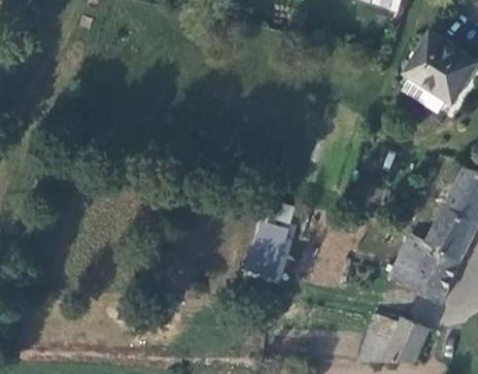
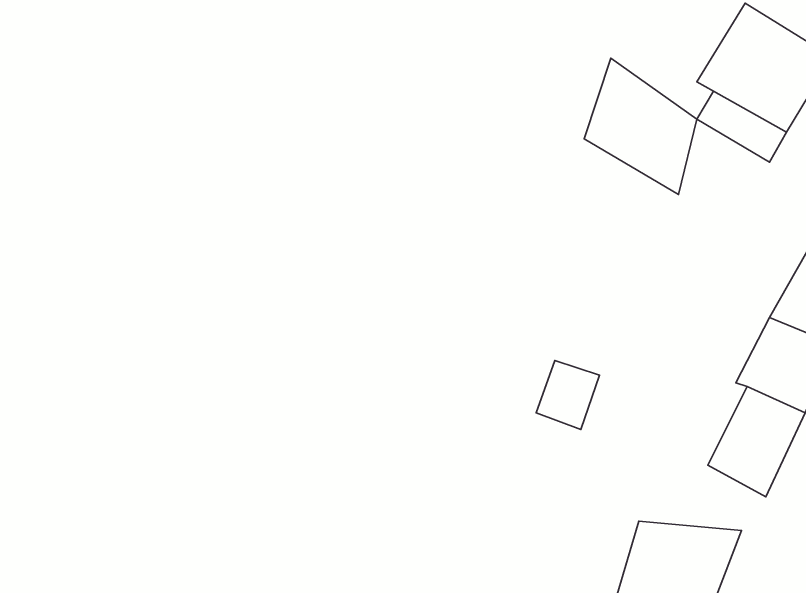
building: none -> [584,58,697,194]
building: [242,220,288,282] -> none
building: [391,235,432,285] -> none

